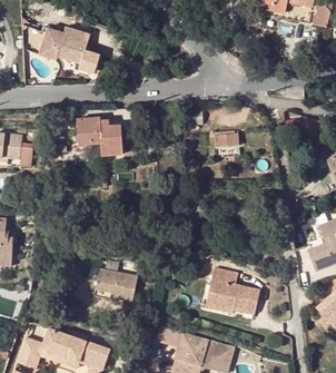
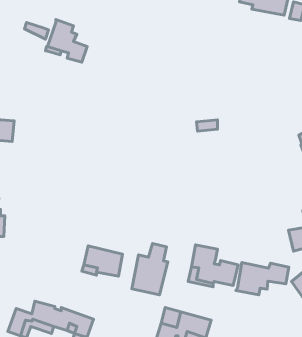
building: [78,117,123,155] -> none
building: none -> [132,244,168,295]
building: none -> [236,262,289,295]

